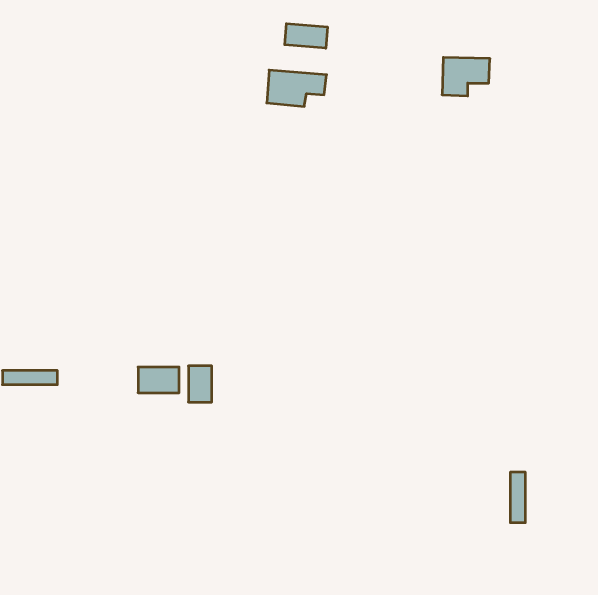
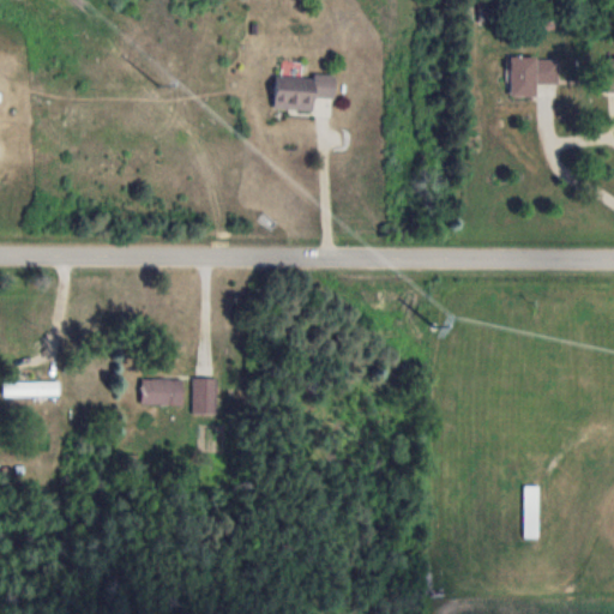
building: [285,24,327,48] -> none
building: [442,57,490,96] -> [510,58,559,97]

